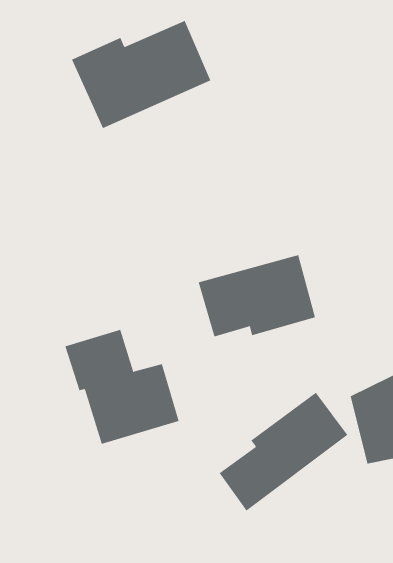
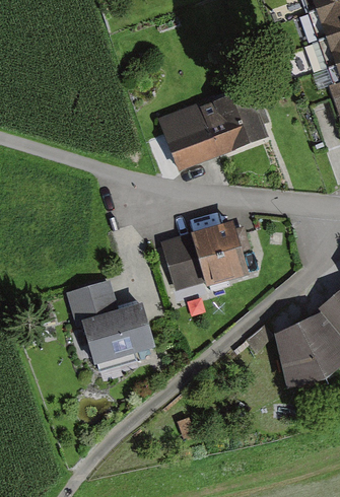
building: [71,20,211,129] -> [156,88,265,172]
building: [219,392,348,511] -> none

